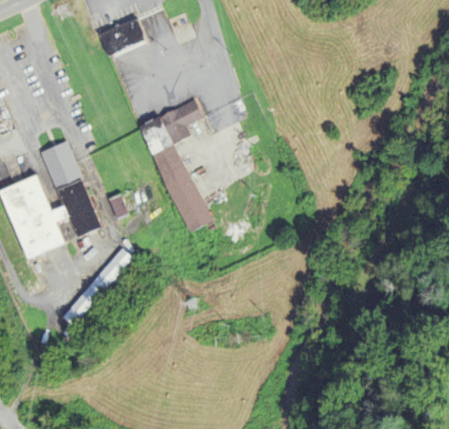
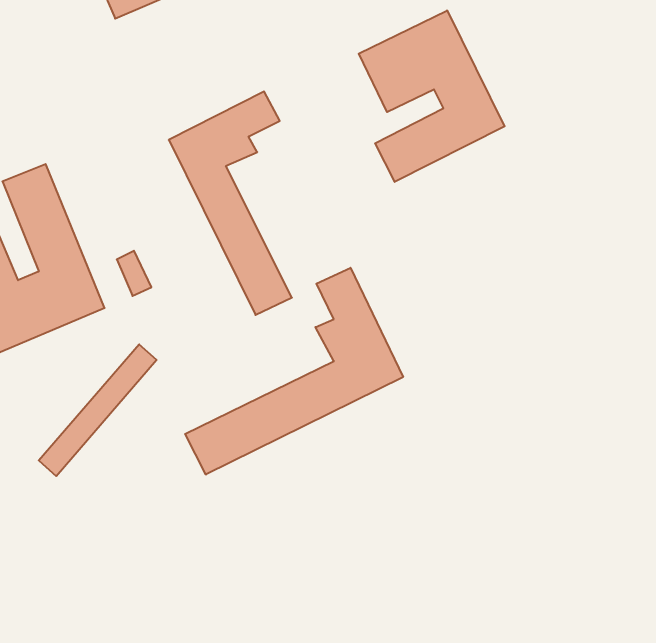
building: none -> [359,10,505,182]
building: none -> [185,268,403,475]

